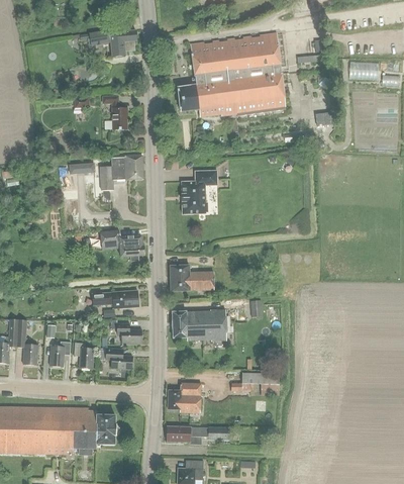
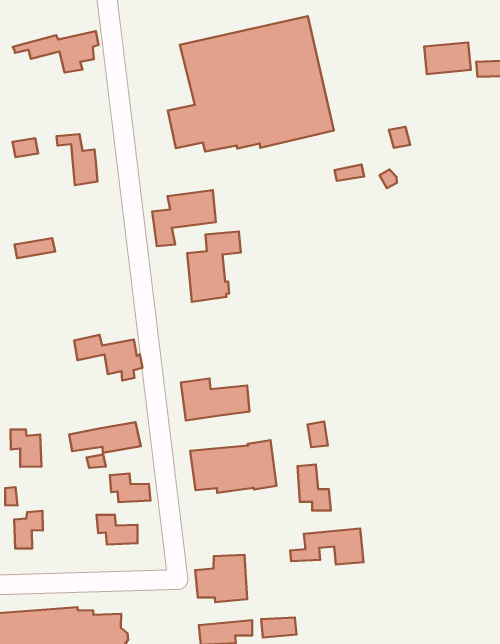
building: [100,156,141,189] -> [152,190,216,246]
building: none -> [297,464,331,511]
building: [73,342,93,368] -> [11,429,42,467]

